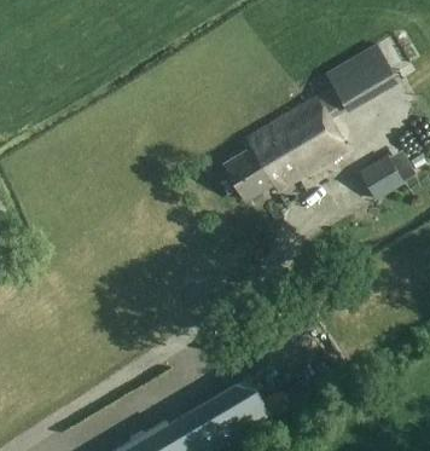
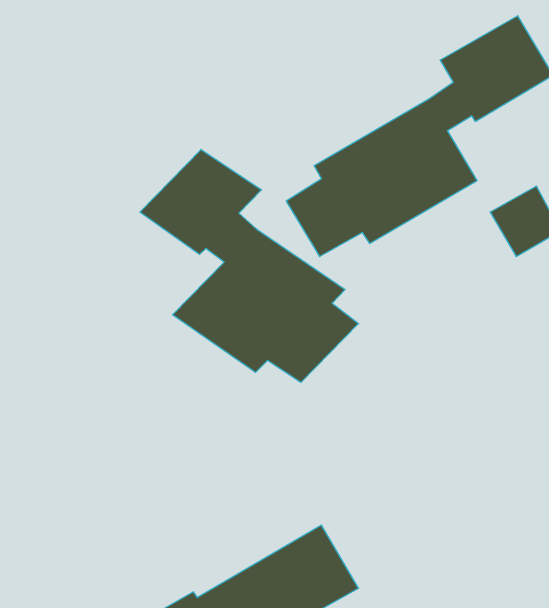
building: none -> [140,149,359,382]

